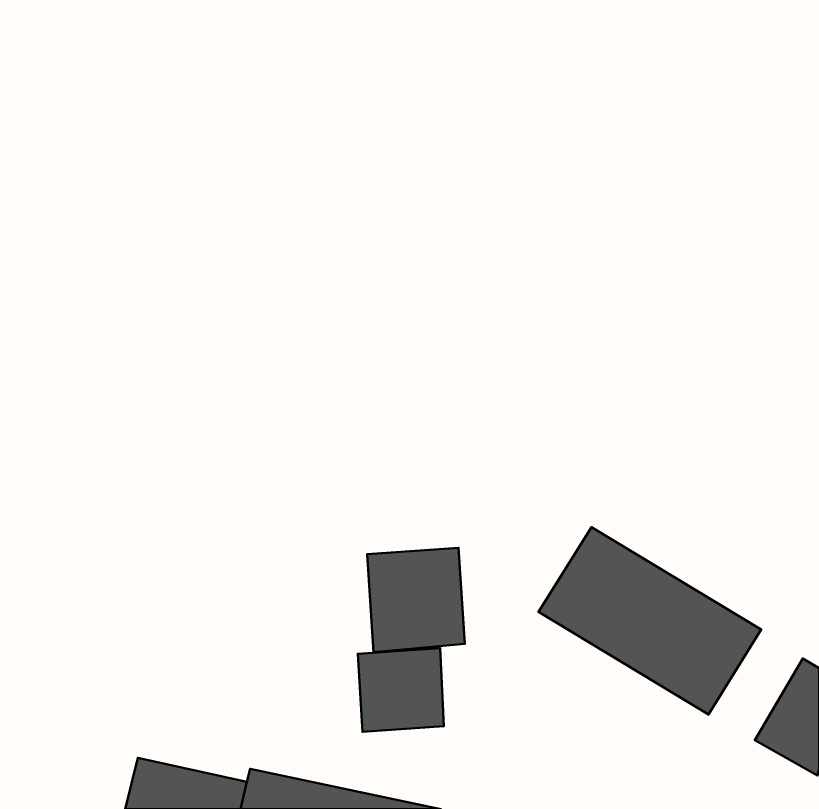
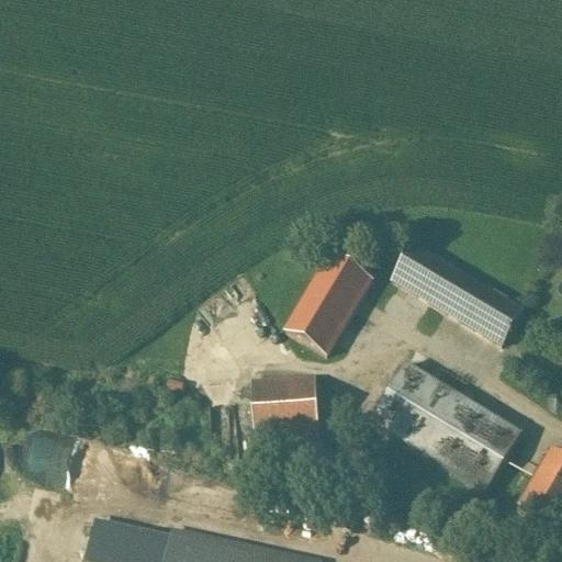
building: none -> [391,243,521,344]
building: none -> [284,254,371,353]
building: [358,648,444,732] -> none

